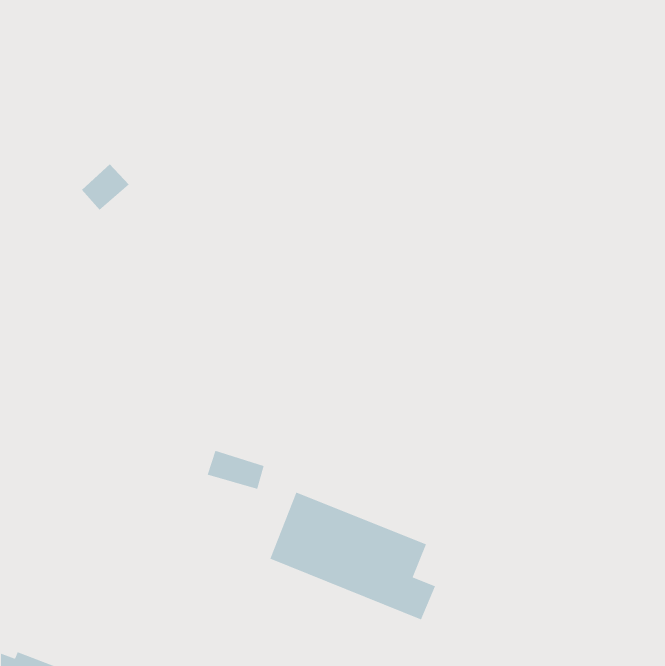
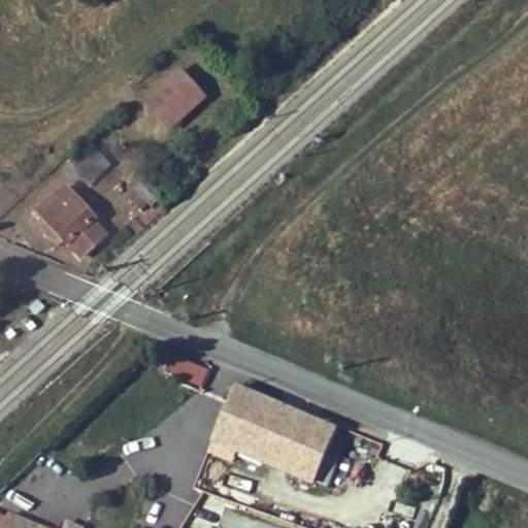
building: none -> [134,57,207,128]
building: none -> [37,186,102,256]

